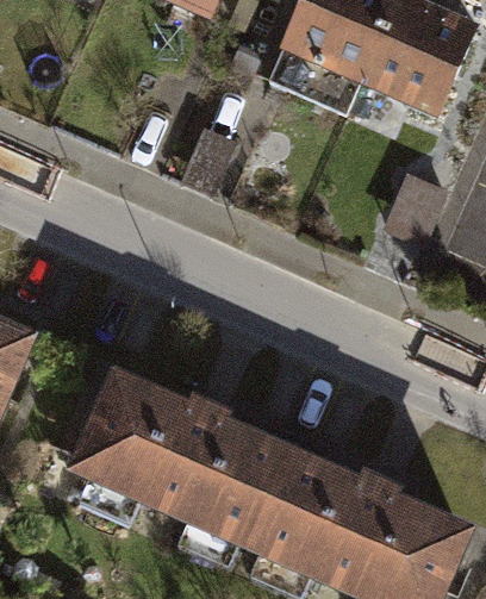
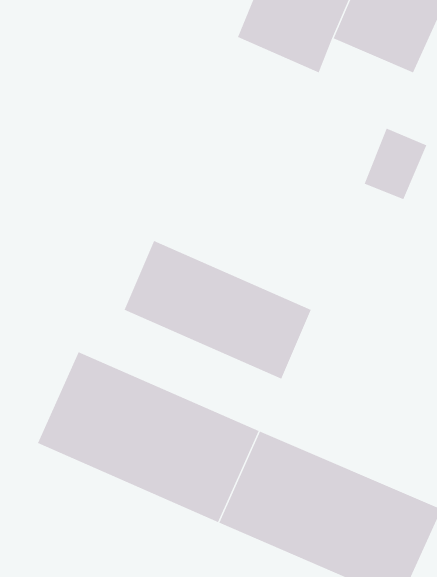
building: none -> [124,240,312,379]

